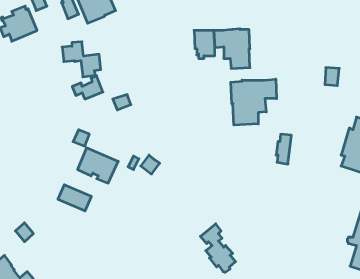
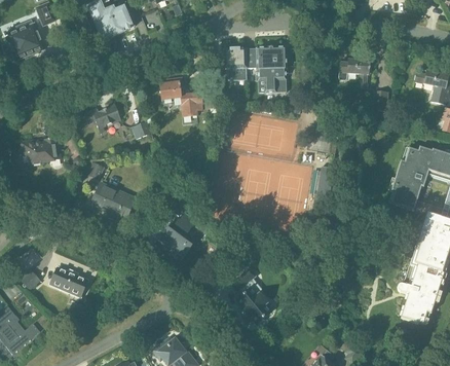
building: none -> [338,59,370,87]
building: [62,42,101,77] -> [159,76,203,116]
building: [231,79,277,125] -> none
building: none -> [21,137,60,163]
building: none -> [158,211,195,255]
building: [58,185,91,211] -> [50,265,88,295]

